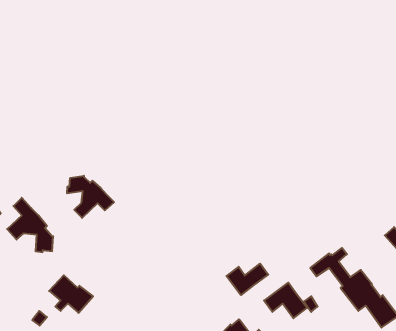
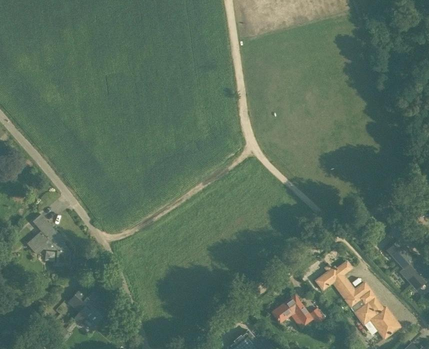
building: [67,176,114,218] -> none
building: [226,264,268,295] -> none

